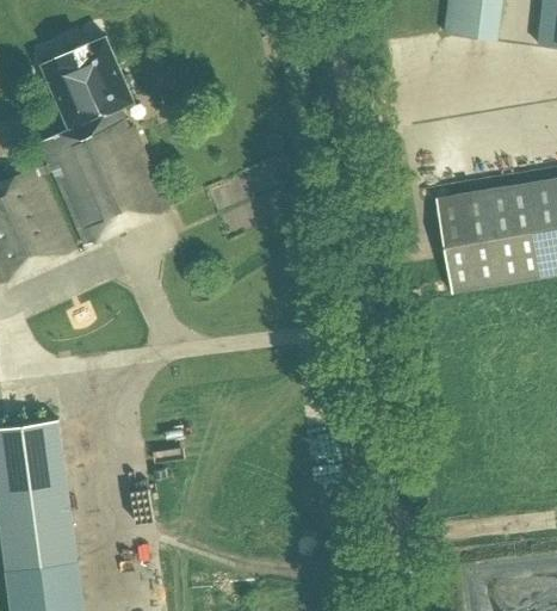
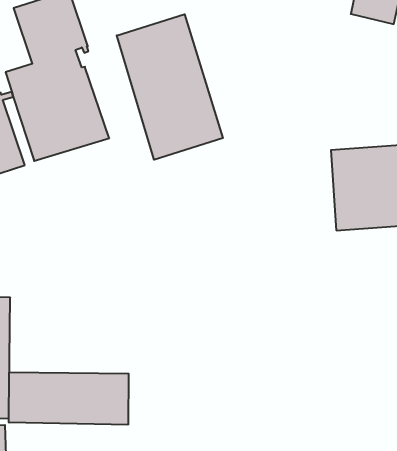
building: none -> [117,14,223,160]
building: none -> [9,372,129,425]

